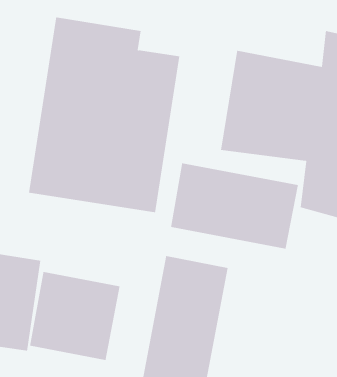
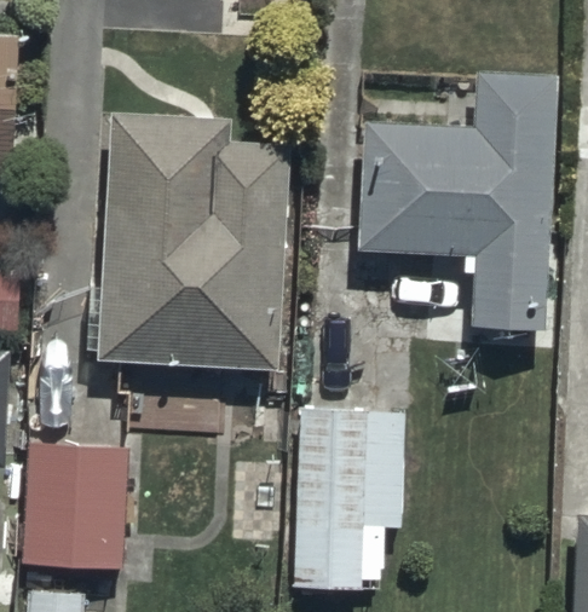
building: [170,162,298,250] -> none
building: [29,271,120,361] -> none

